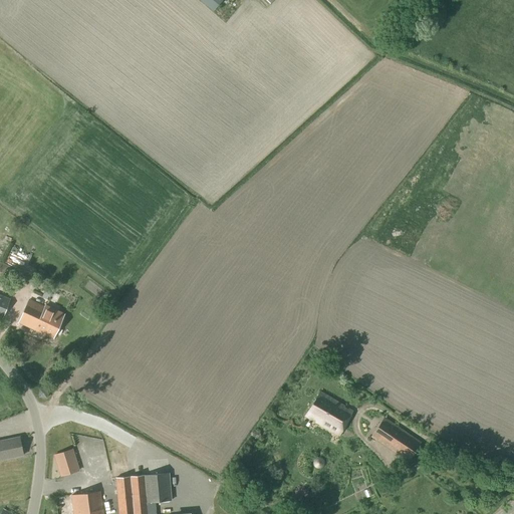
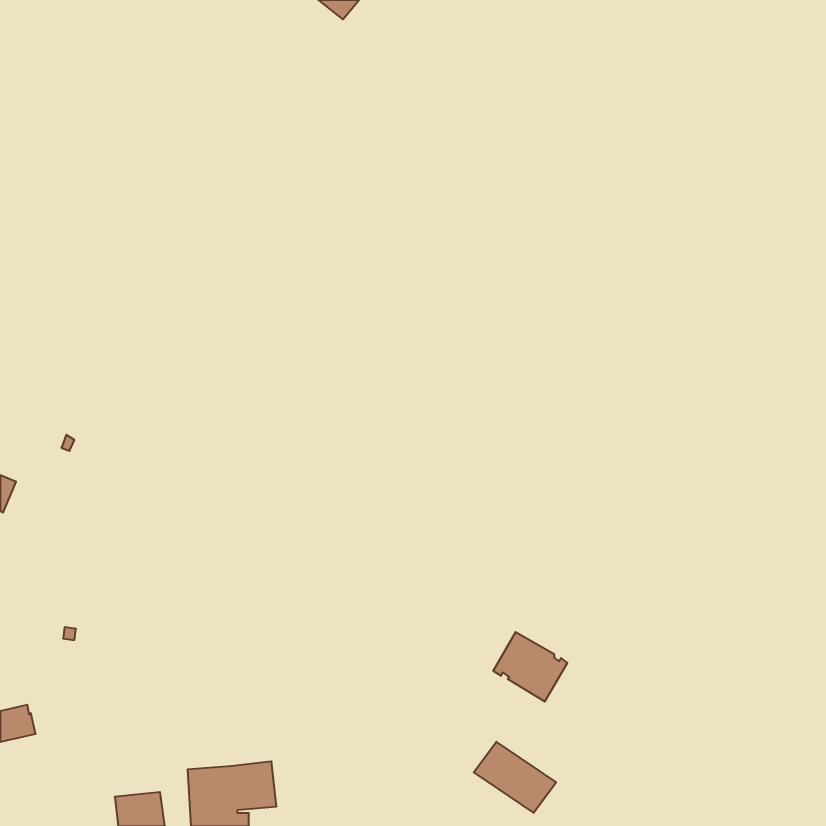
building: [18,300,64,339] -> none
building: [370,418,422,462] -> [474,742,556,813]
building: [54,450,78,476] -> none

